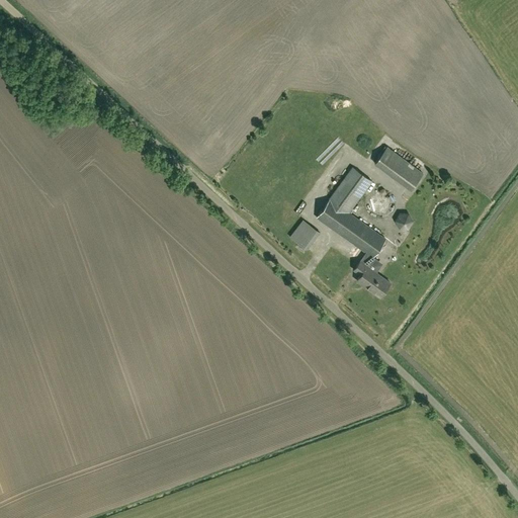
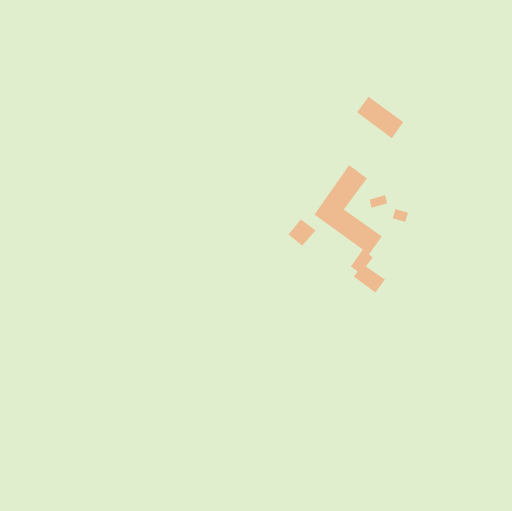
building: [374,148,423,191] -> [356,96,404,139]

